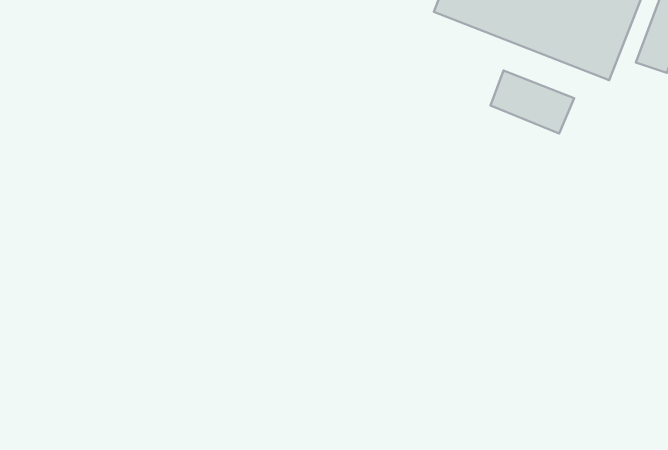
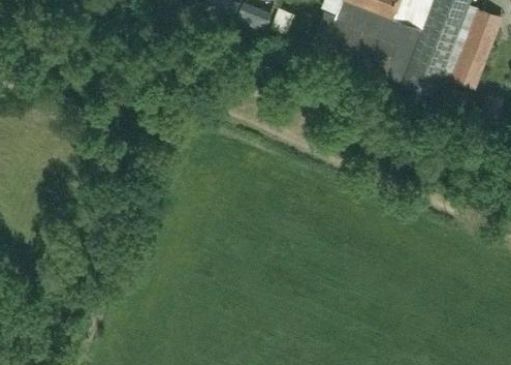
building: [491,70,574,133] -> none

